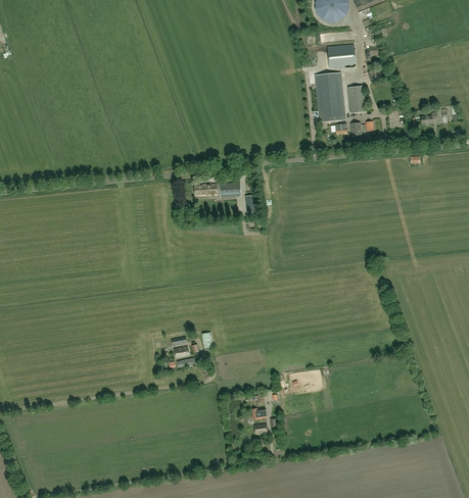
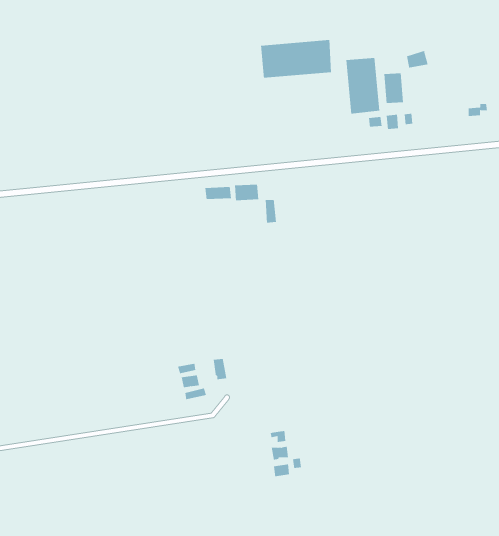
building: [327,44,355,68] -> none
building: none -> [260,39,331,79]

